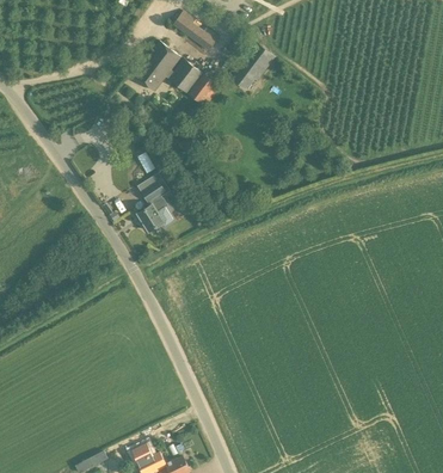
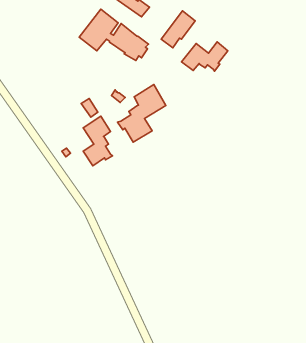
building: none -> [182,42,228,71]
building: none -> [118,84,166,142]

